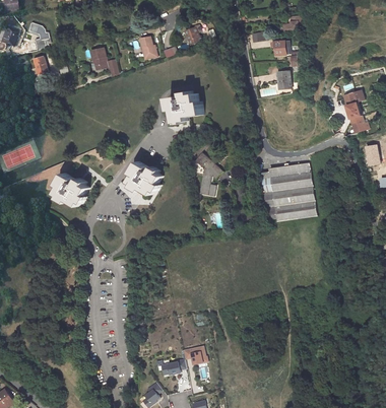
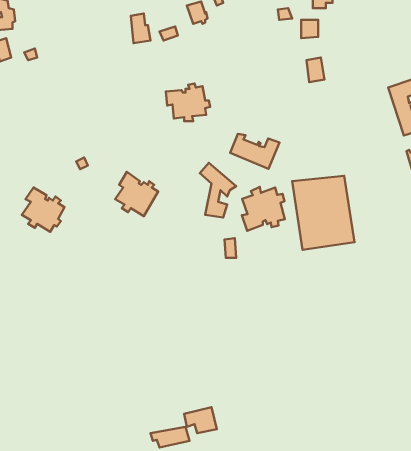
building: [91,49,119,79] -> none
building: none -> [230,134,280,169]
building: none -> [242,187,285,231]

